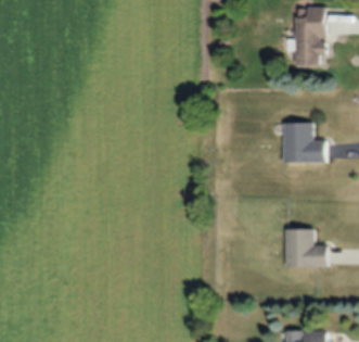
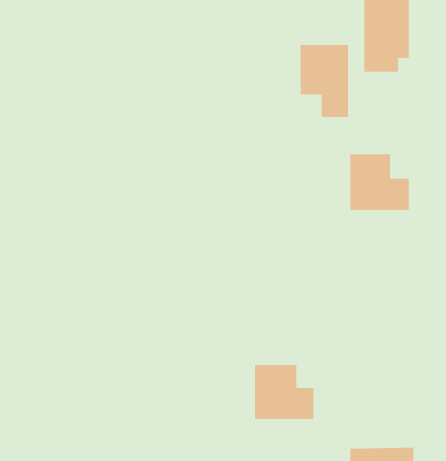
building: none -> [300,44,349,118]
building: [285,229,328,268] -> [254,364,314,420]

